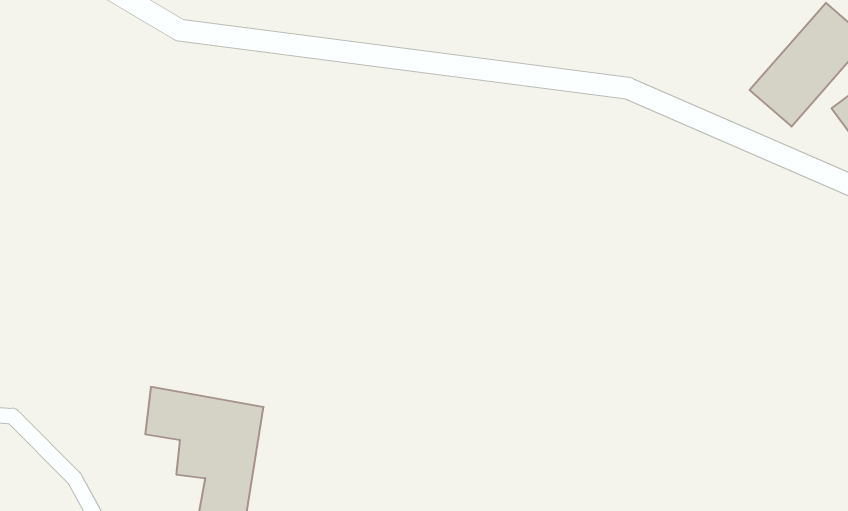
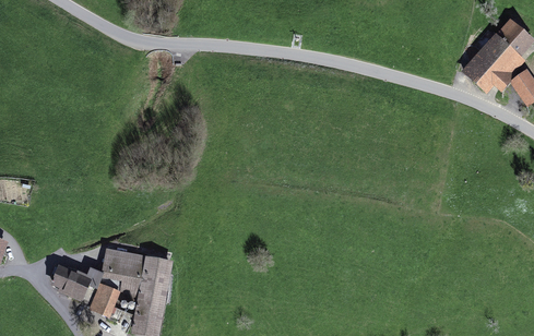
building: none -> [48,268,91,302]
building: none -> [87,284,118,316]

